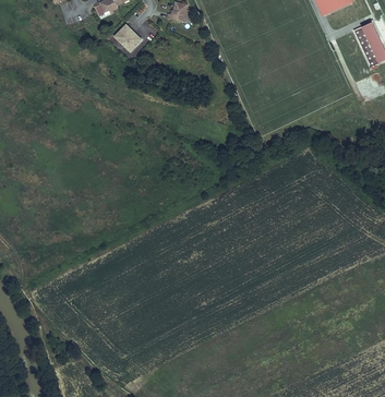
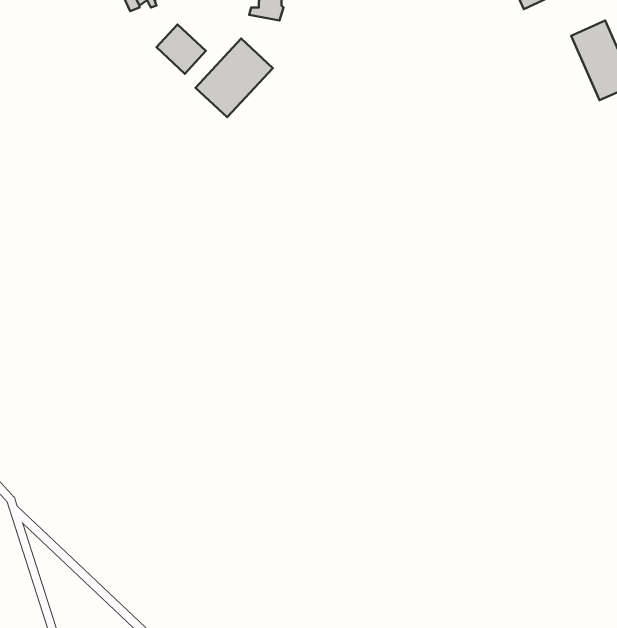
building: none -> [195,39,273,117]

